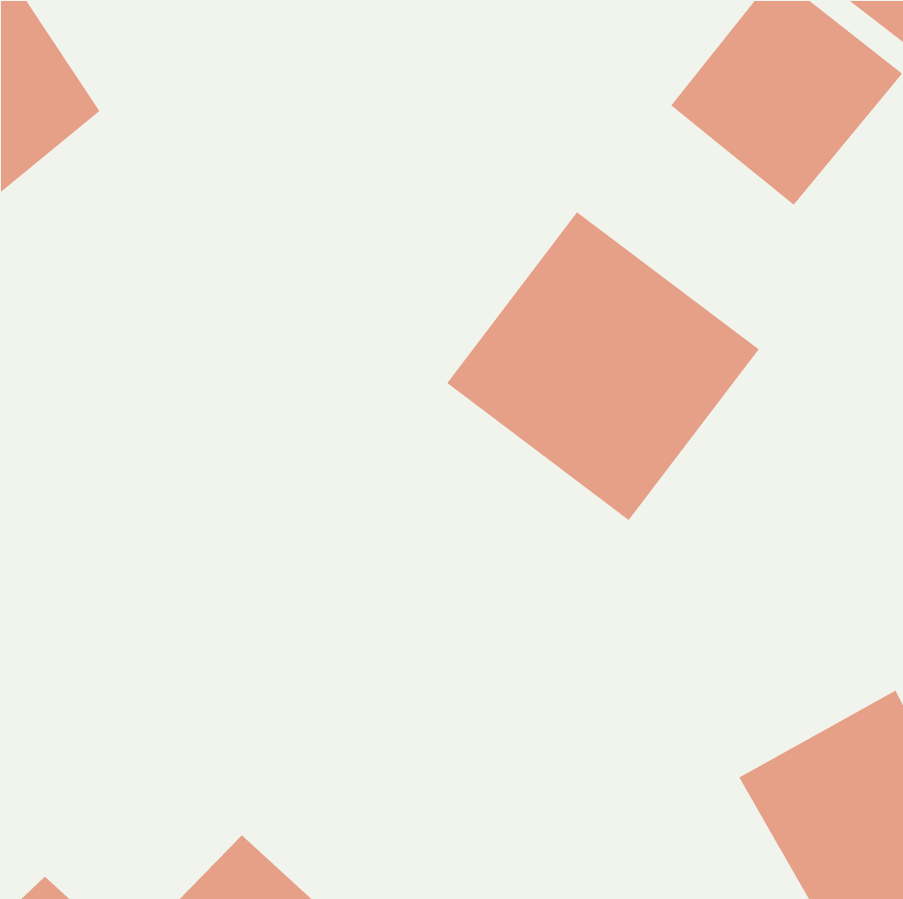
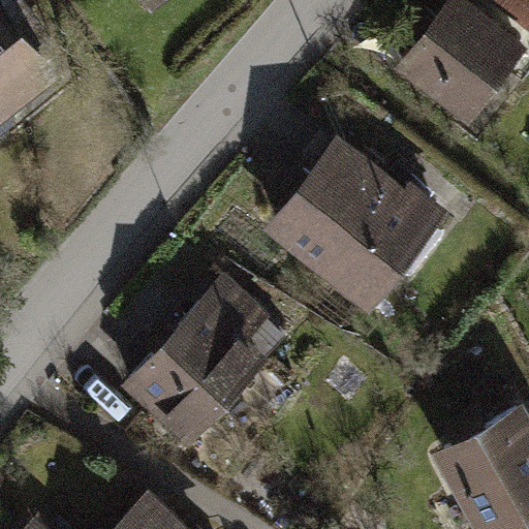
building: none -> [118,277,288,449]

